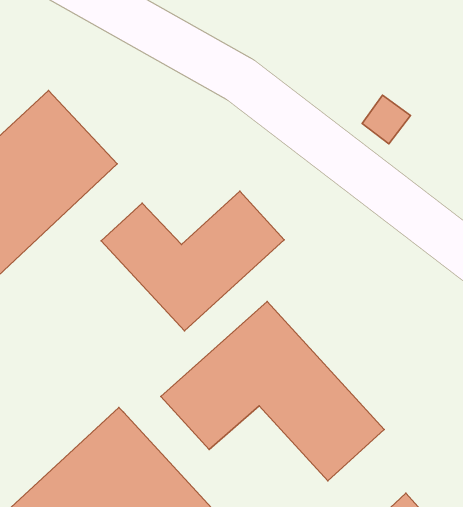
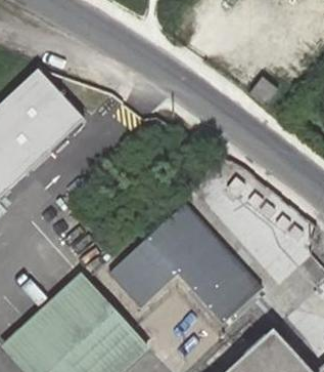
building: [101,191,284,331] -> none

